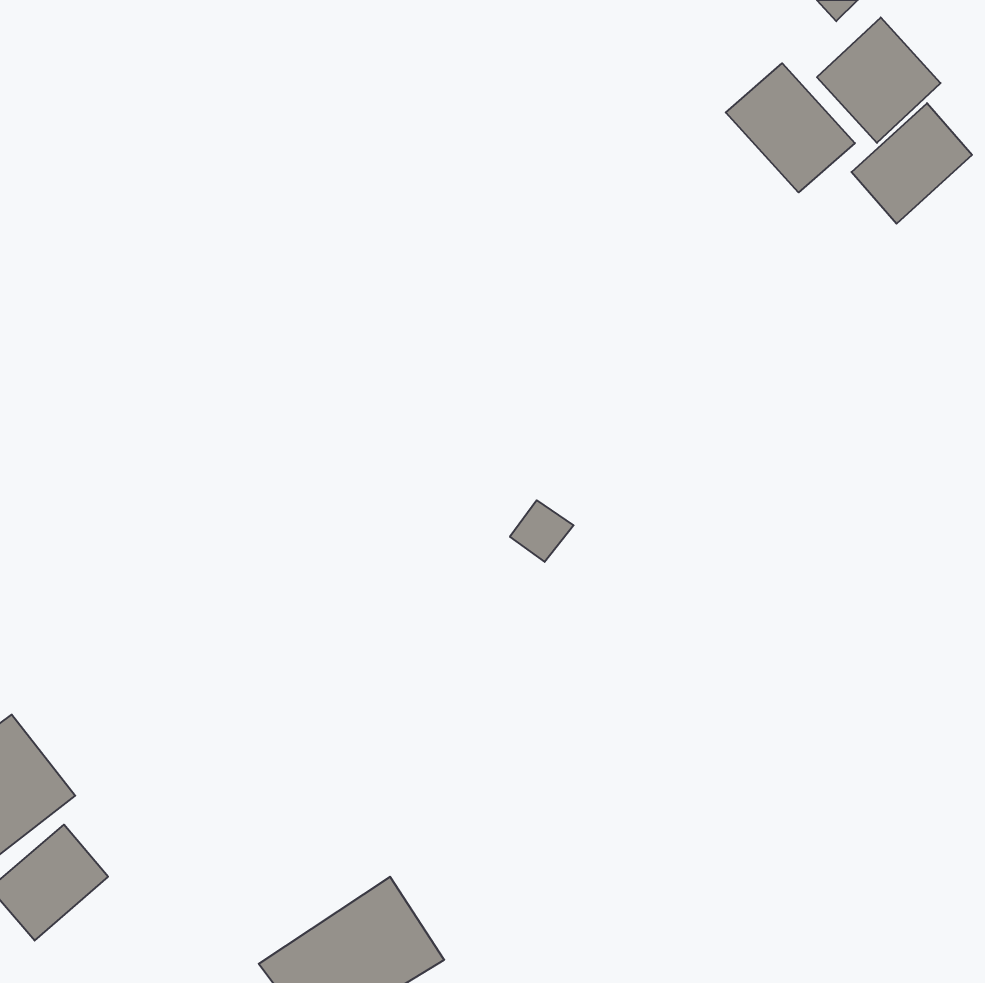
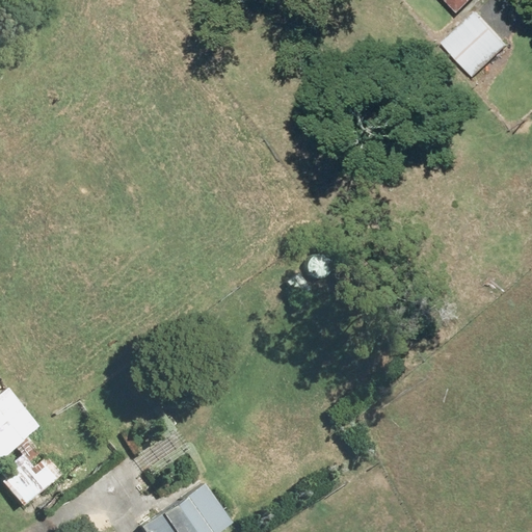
building: [726,63,855,192] -> none
building: [851,103,972,224] -> none

